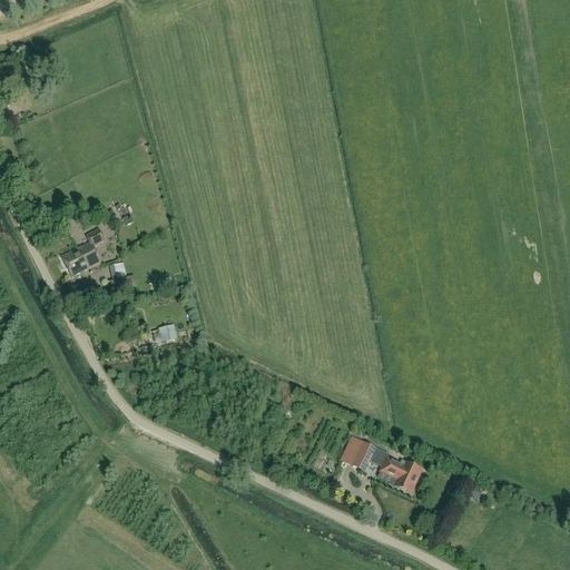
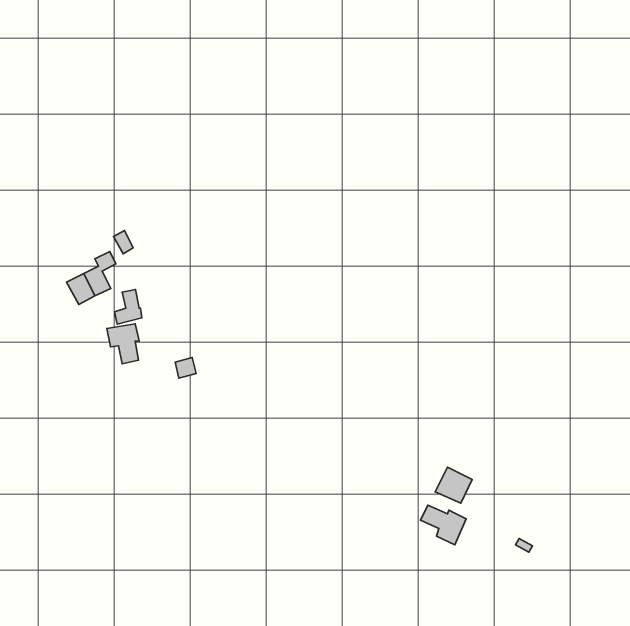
building: none -> [107,324,139,364]
building: [341,436,374,469] -> [435,467,472,503]

